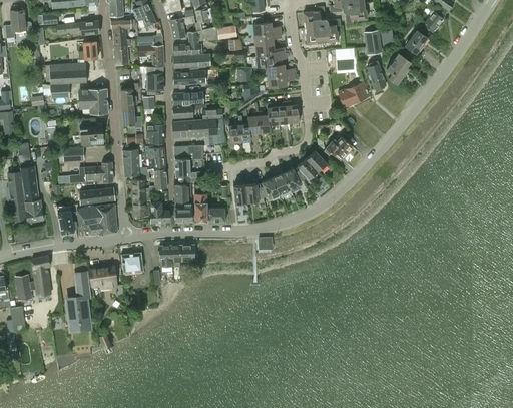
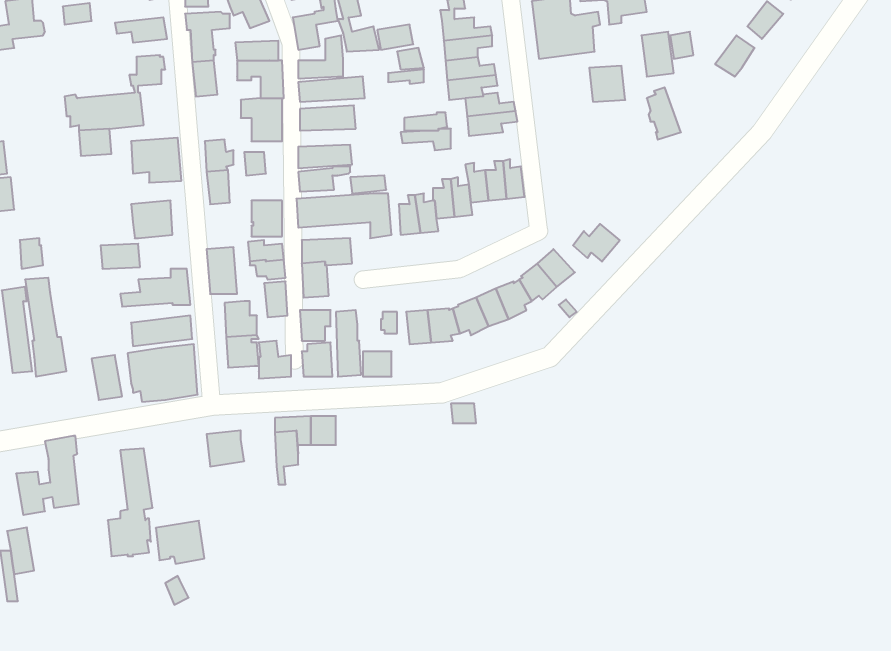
building: [387,54,411,84] -> none
building: [339,81,370,107] -> none
building: [90,265,117,289] -> [156,521,204,564]

